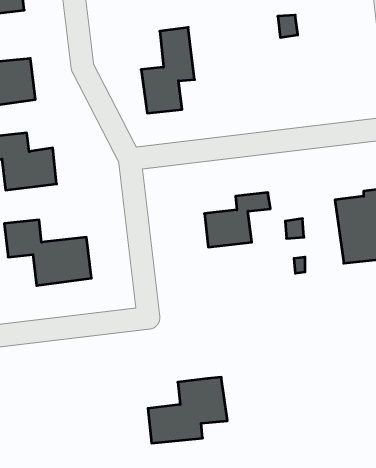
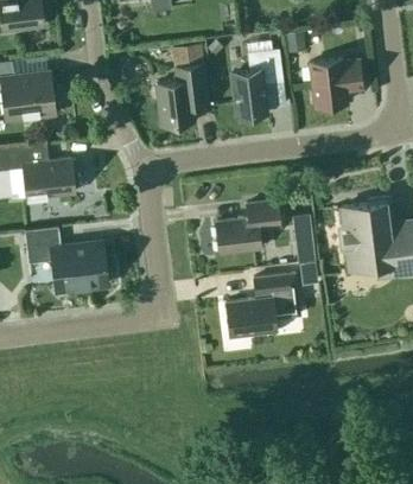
building: none -> [231,49,284,115]
building: none -> [310,58,363,106]
building: [148,377,227,443] -> [225,273,301,336]

